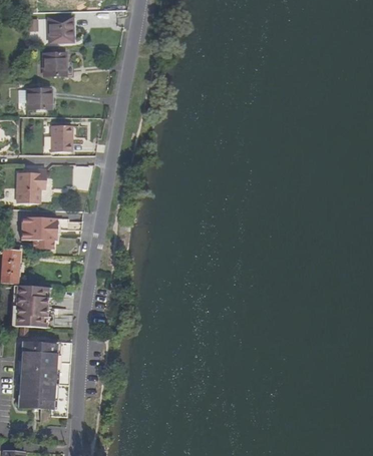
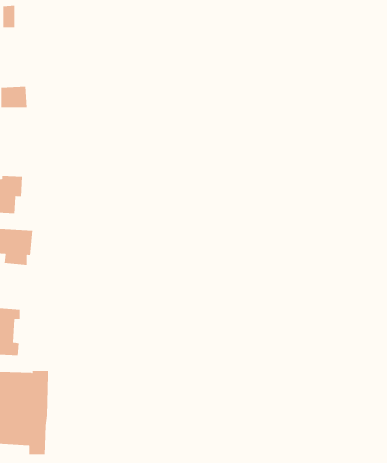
building: [48,18,72,42] -> none
building: [43,53,65,75] -> none
building: [52,126,73,152] -> none

